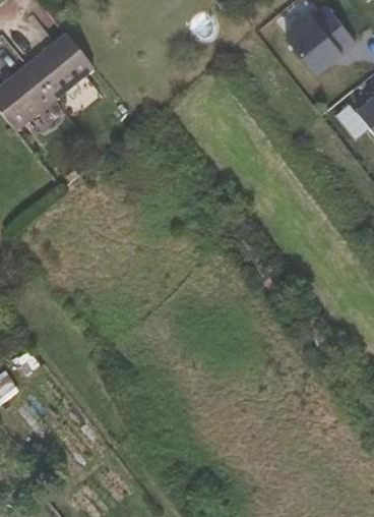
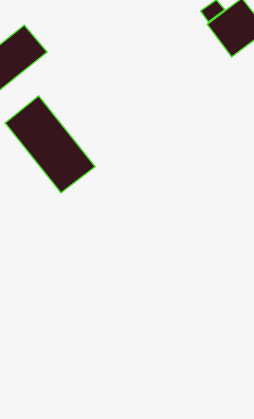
building: none -> [5,96,95,193]

